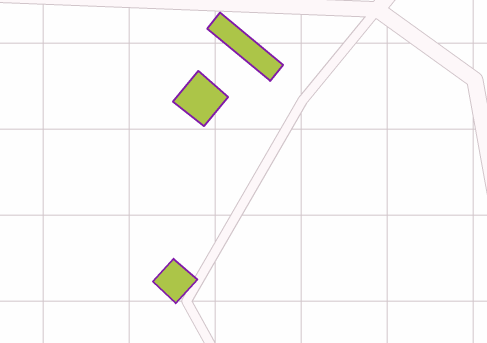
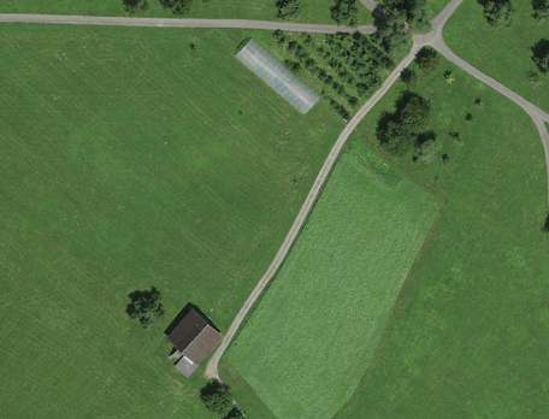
building: [173,71,228,126] -> none

